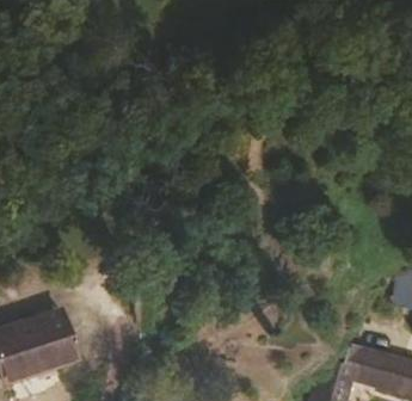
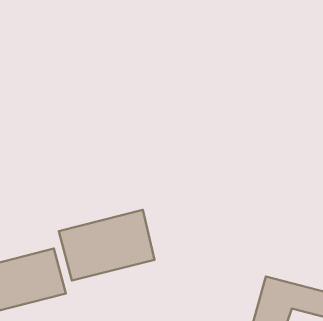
building: none -> [59,210,155,280]

